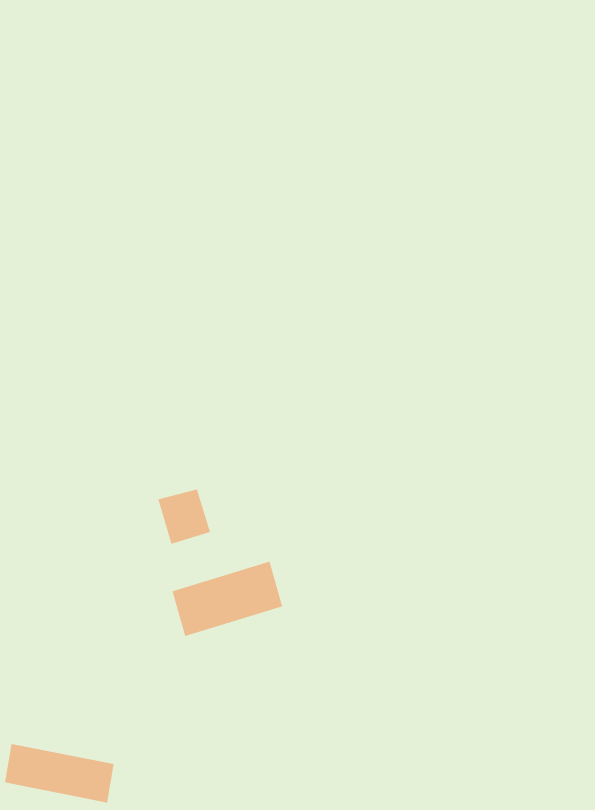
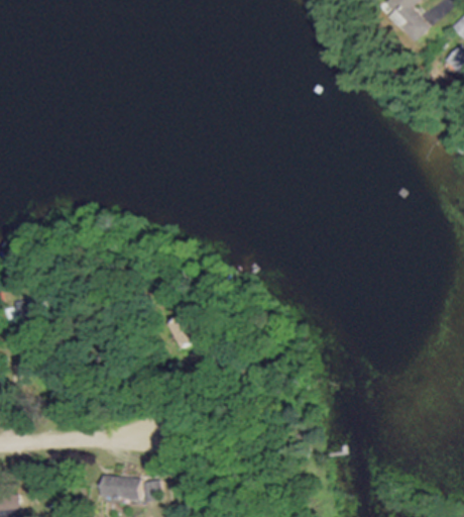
building: [172,561,283,637] -> none

